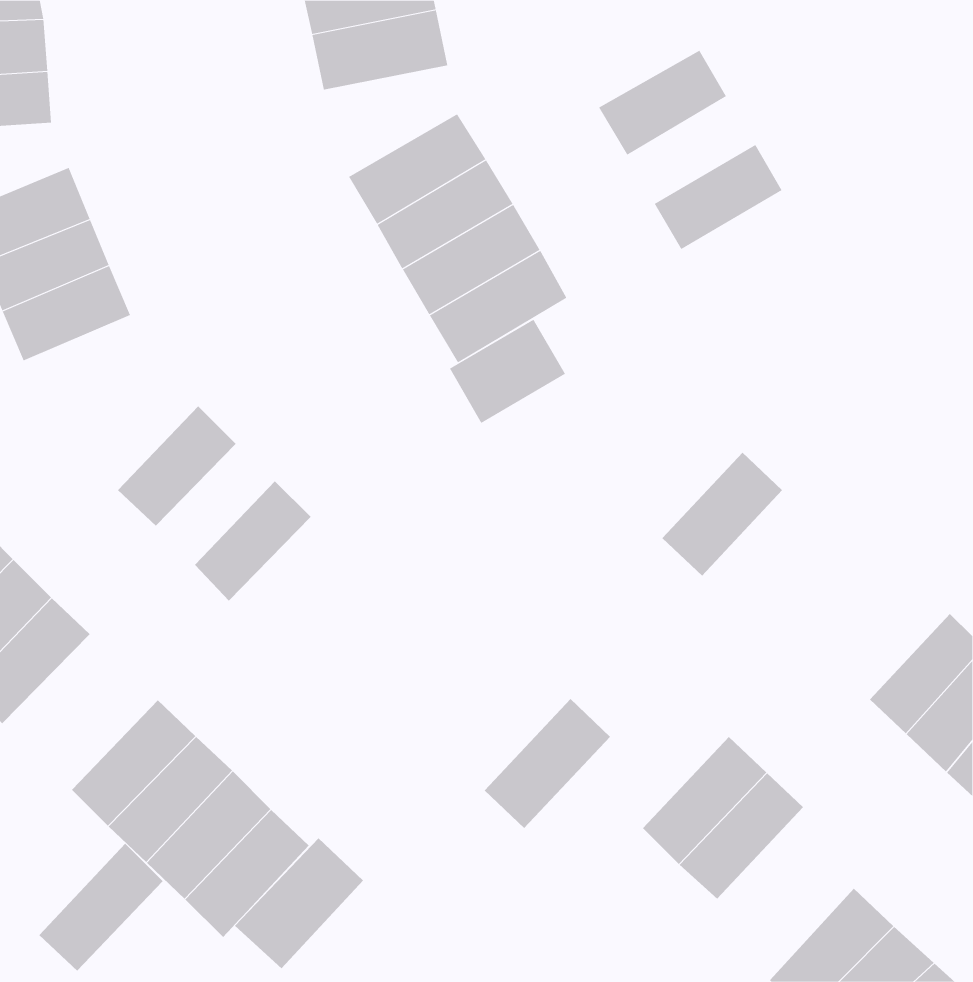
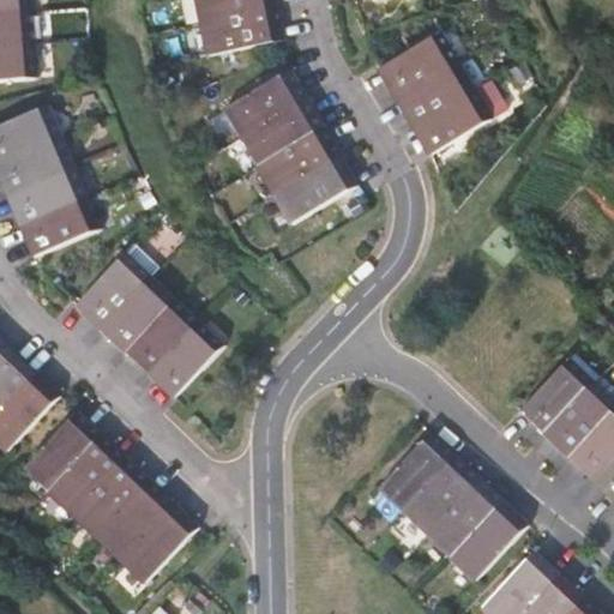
building: none -> [391,60,471,127]
building: none -> [14,197,95,257]
building: [449,319,566,424] -> none
building: none -> [97,277,171,353]
building: [662,452,783,577] -> [517,359,592,437]
building: none -> [143,323,218,398]
building: [484,698,611,829] -> [375,435,455,517]
building: none -> [447,504,525,584]
building: [234,837,364,969] -> none
building: [39,843,164,972] -> [20,413,98,493]

